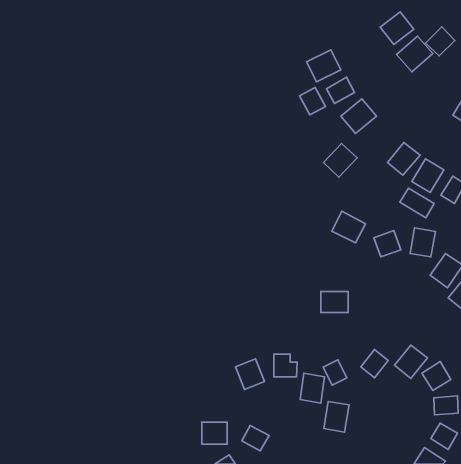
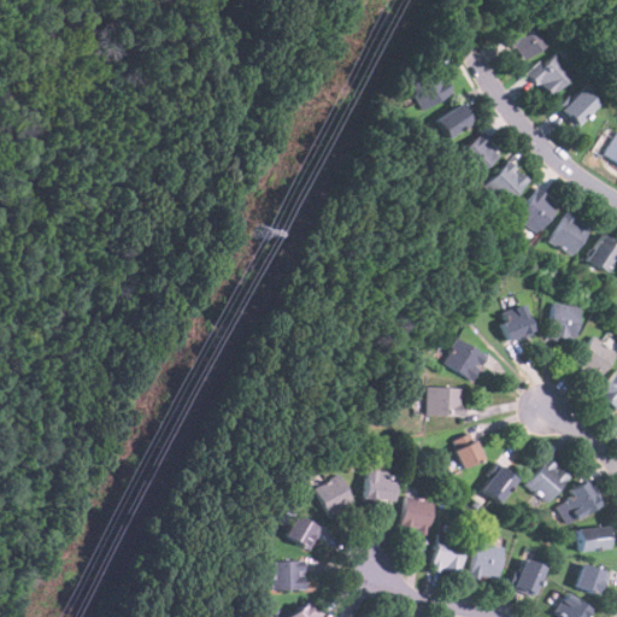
building: [426,27,455,56] -> [562,86,600,124]
building: [299,87,325,115] -> none
building: [323,143,357,177] -> [487,160,531,205]
building: [400,188,434,218] -> none
building: [332,211,365,243] -> [445,337,489,380]
building: [323,360,347,385] -> [454,433,486,466]
building: none -> [472,541,505,581]
building: none -> [513,557,547,595]
building: [242,425,269,451] -> [287,515,323,548]

